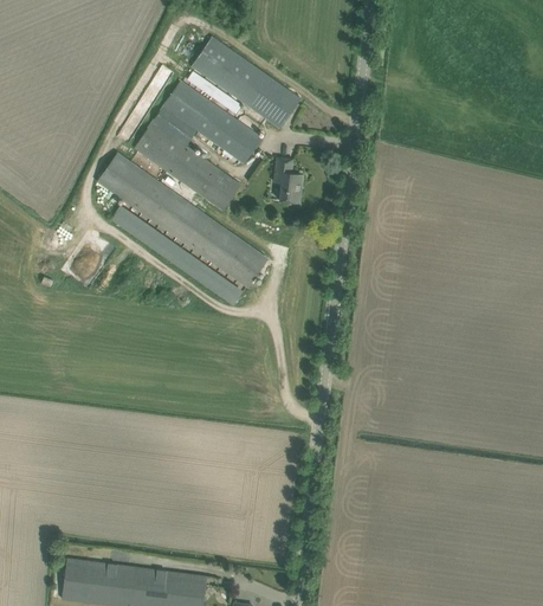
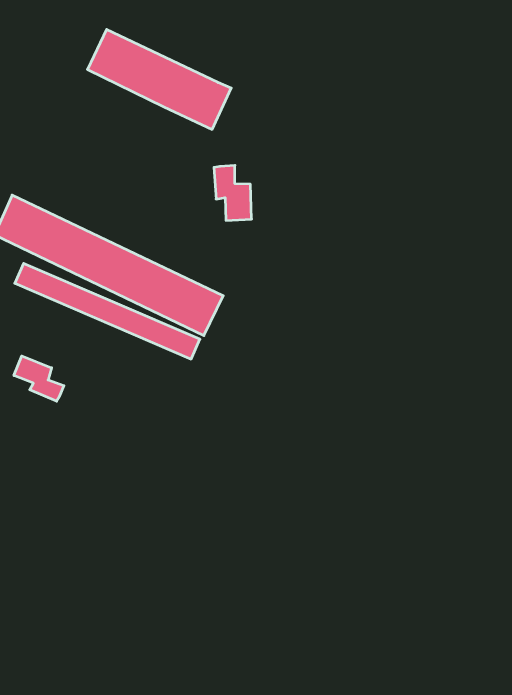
building: [134,80,261,209] -> none
building: none -> [14,356,64,401]

